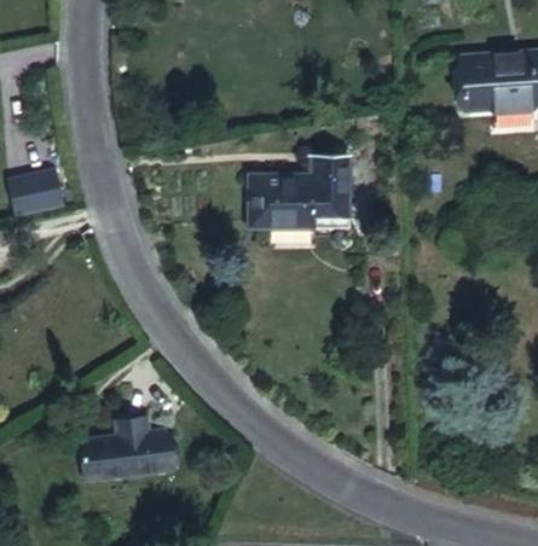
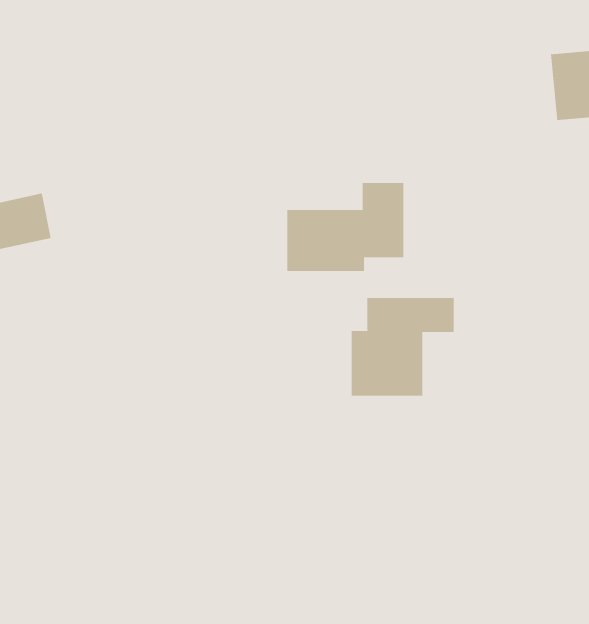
building: none -> [351,297,454,396]
building: [82,418,174,471] -> none

